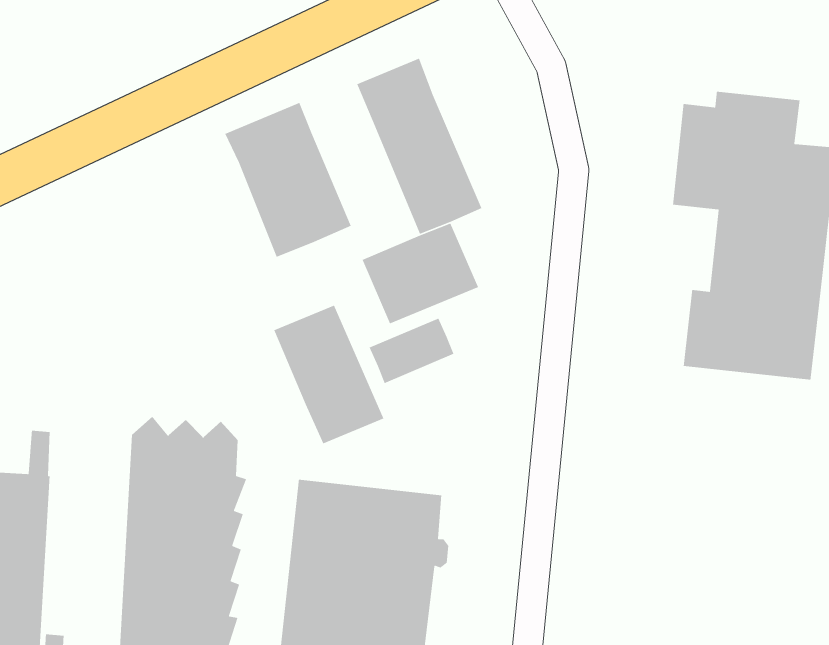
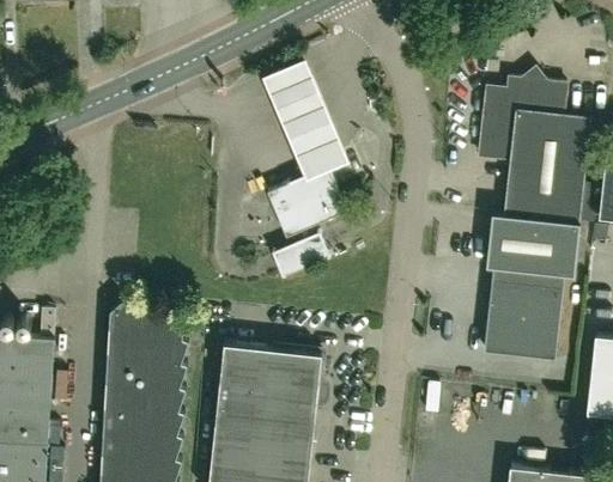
building: [224,102,352,258] -> none
building: [273,305,384,444] -> none
building: none -> [482,282,562,361]

